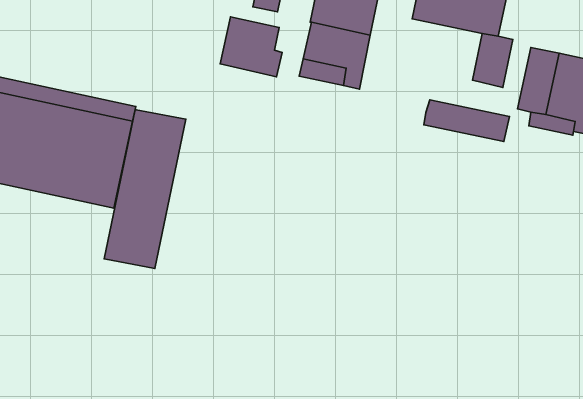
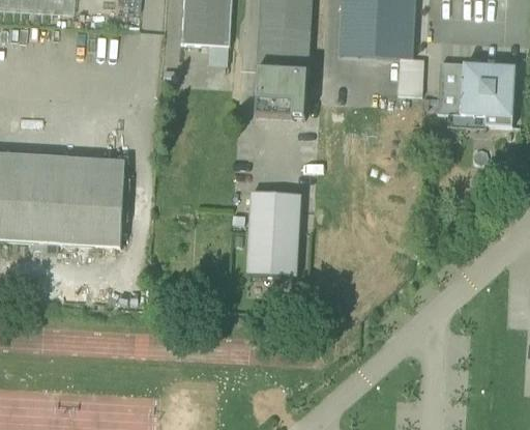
building: [220,17,282,77] -> none
building: [424,100,510,142] -> none
building: [104,110,186,269] -> none
building: none -> [246,191,300,276]

